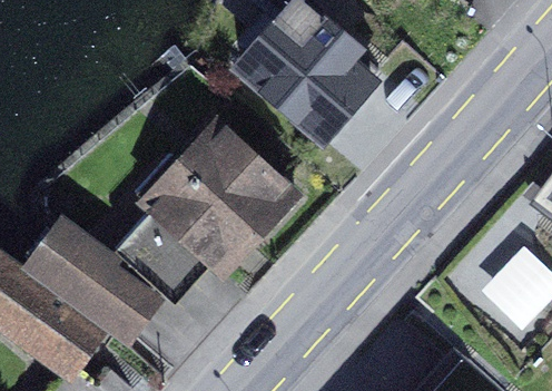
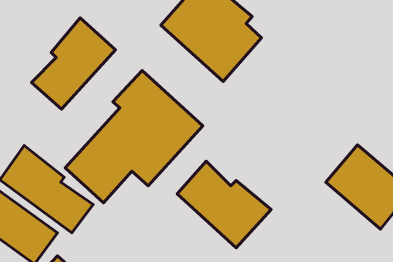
building: none -> [32,18,115,109]
building: none -> [177,161,271,248]

